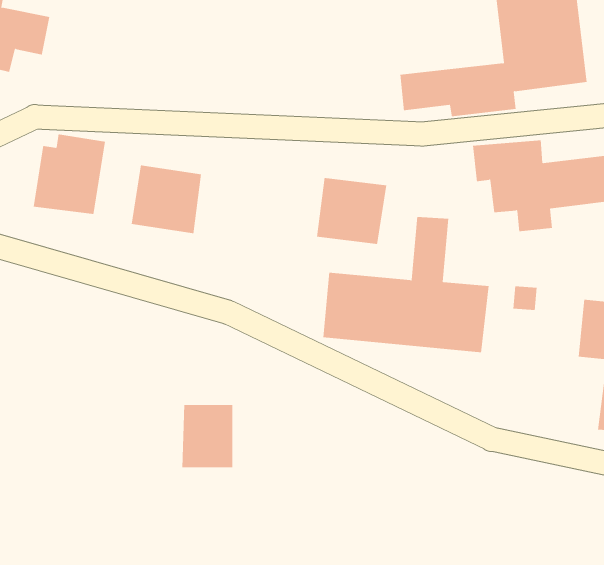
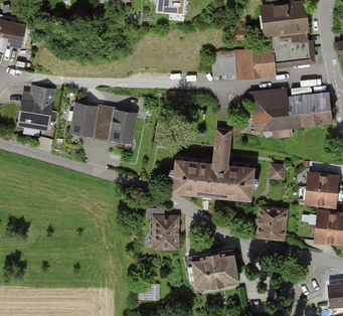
building: [316,177,387,245] -> [103,107,140,142]
building: none -> [256,207,285,238]
building: [182,404,233,468] -> [153,215,180,249]
building: none -> [190,251,236,287]

